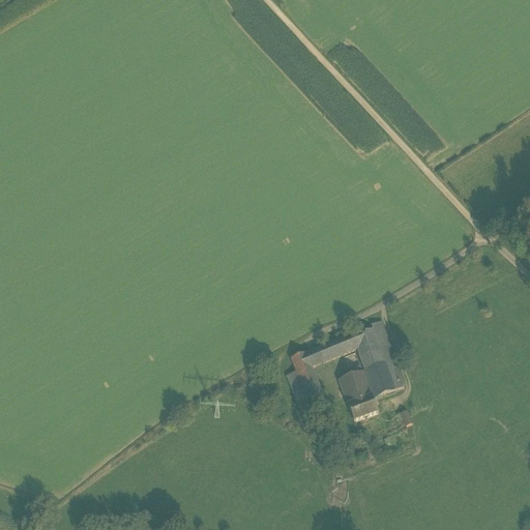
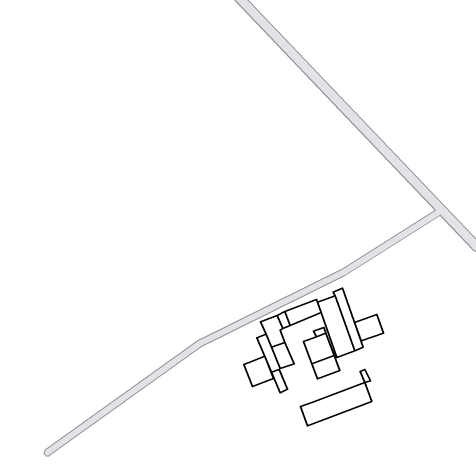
building: none -> [354,315,383,341]
building: none -> [244,356,273,387]
building: none -> [301,383,372,426]

